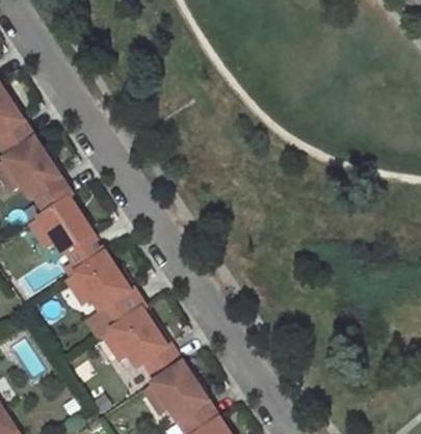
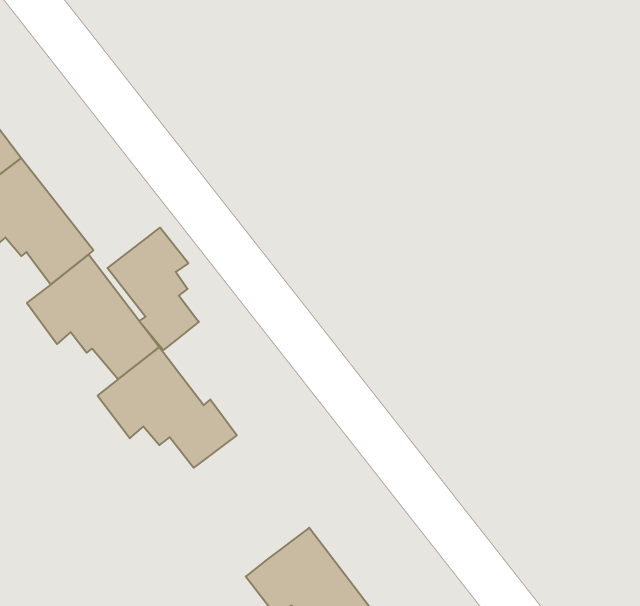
building: none -> [107,228,199,350]
building: [102,307,181,378] -> none

